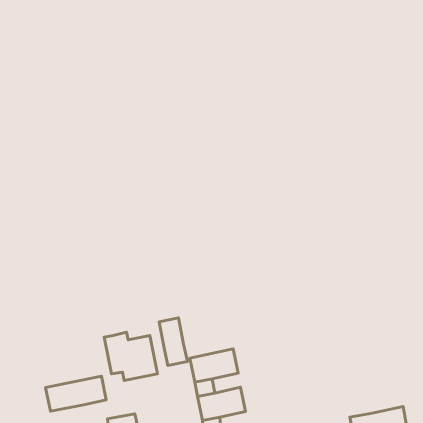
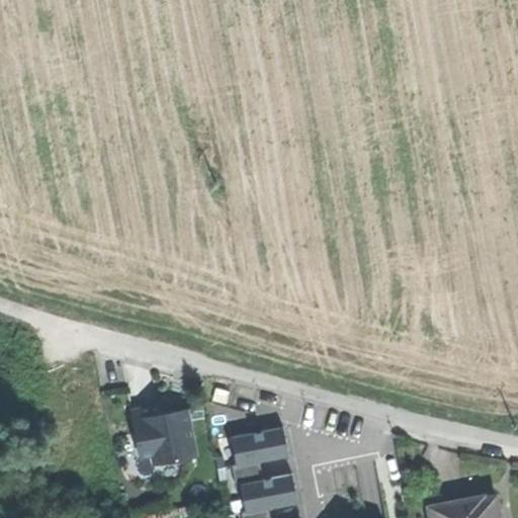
building: [159,318,187,365] -> none
building: [45,376,106,411] -> none

